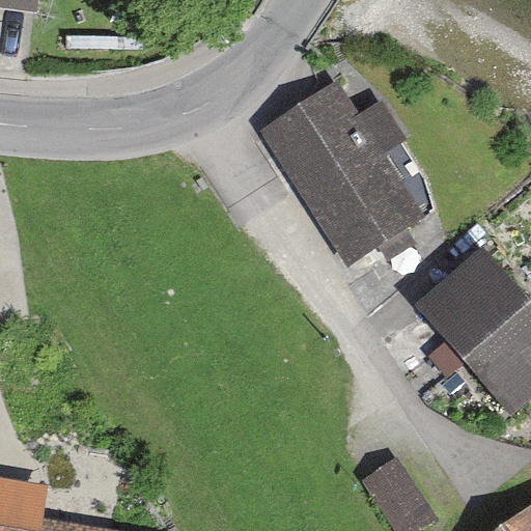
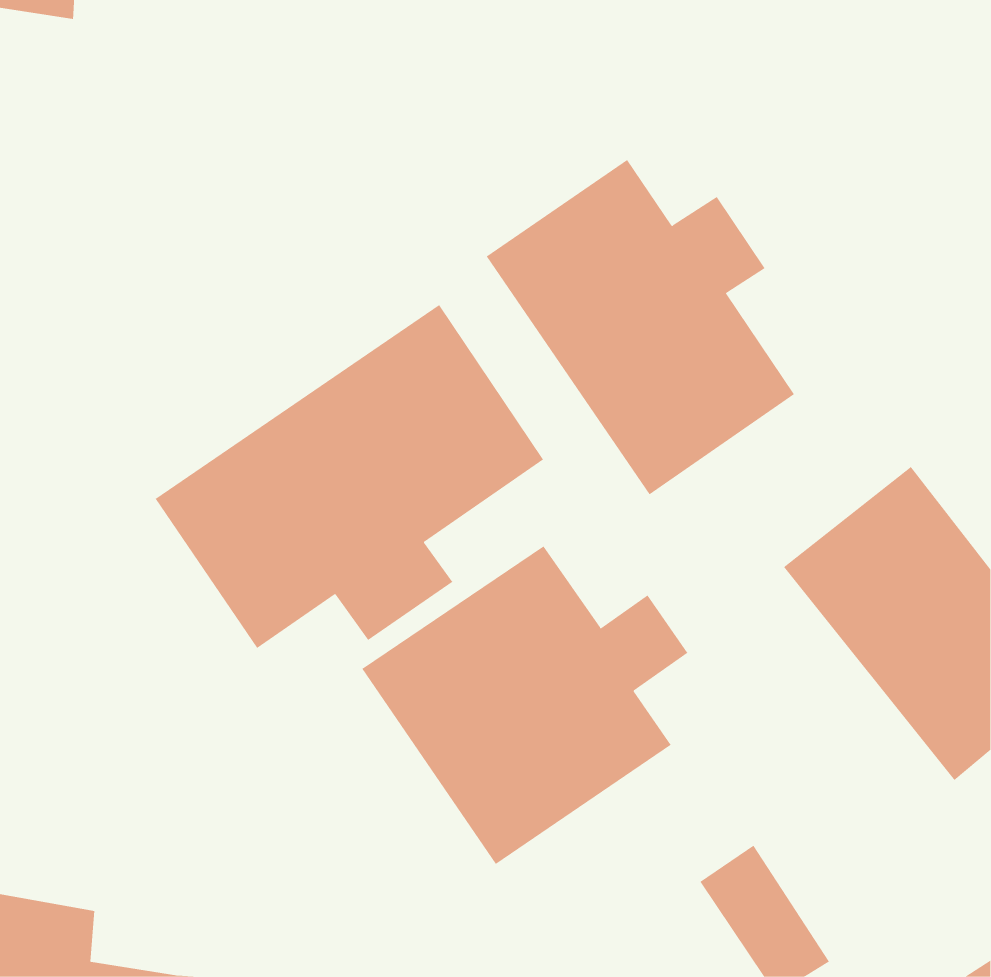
building: none -> [155,304,544,649]
building: none -> [361,545,688,865]

